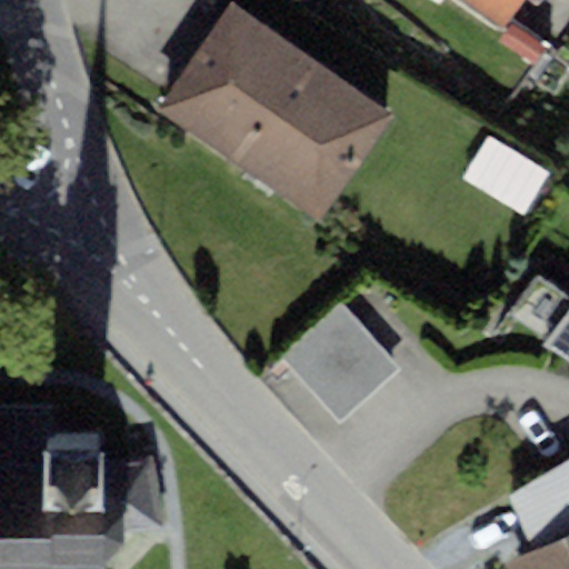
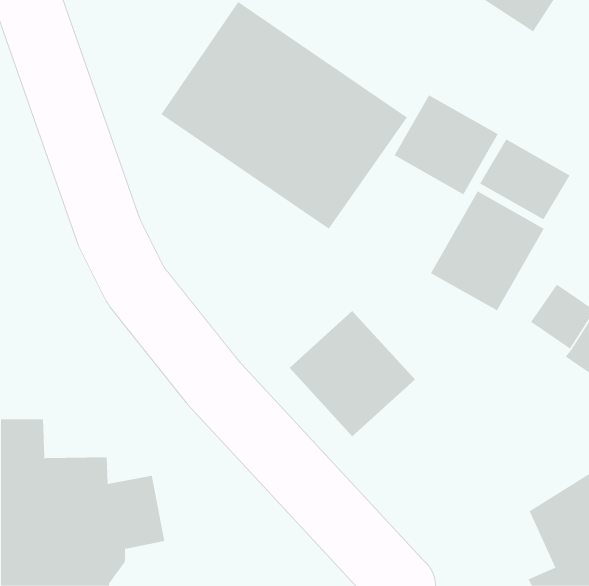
building: none -> [394,94,498,195]
building: none -> [430,191,545,311]

